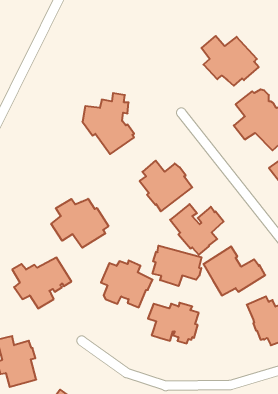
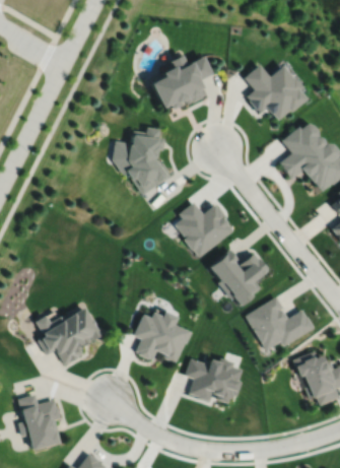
building: none -> [152,55,213,109]
building: [51,199,108,248] -> none
building: [153,246,202,286] -> none

